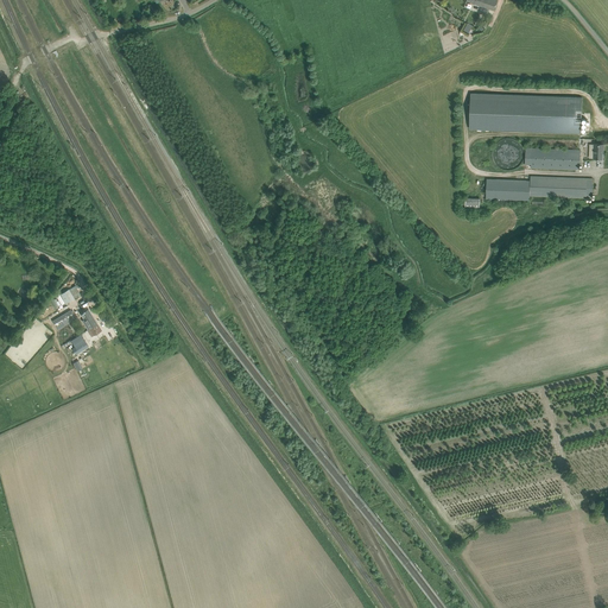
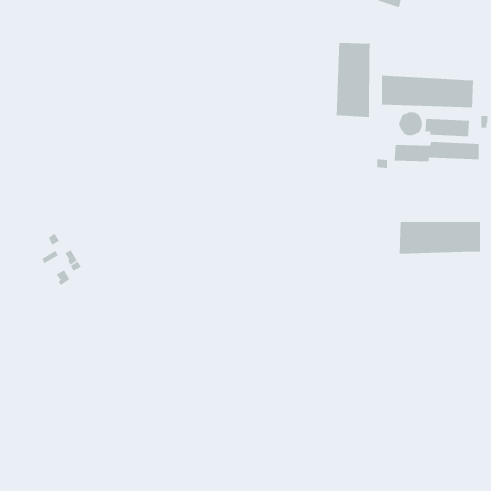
building: none -> [336,42,370,118]
building: none -> [399,221,481,254]

